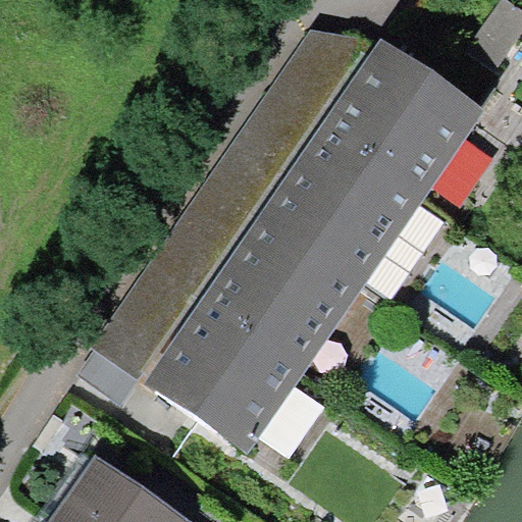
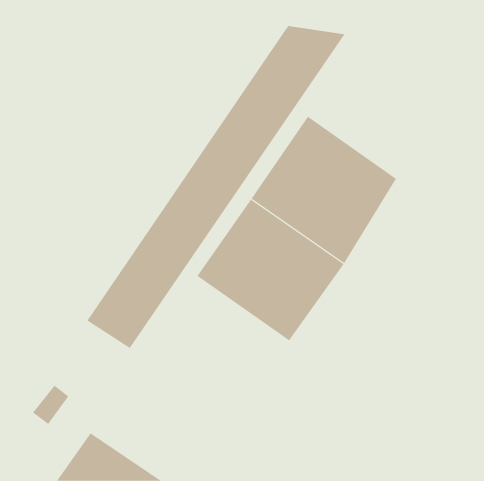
building: [331,45,483,192] -> none
building: [152,296,312,453] -> none

